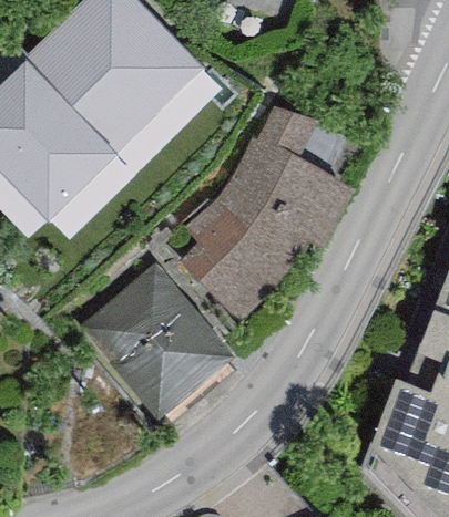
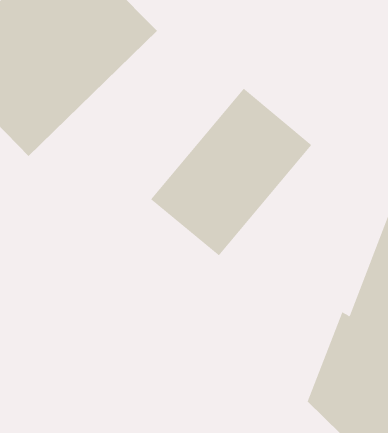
building: [113,273,241,407] -> none

